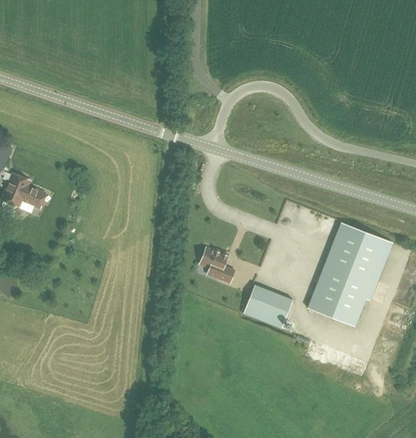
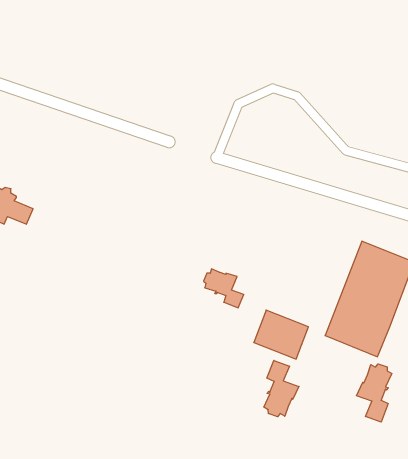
building: none -> [264,360,299,417]
building: none -> [357,364,392,422]

